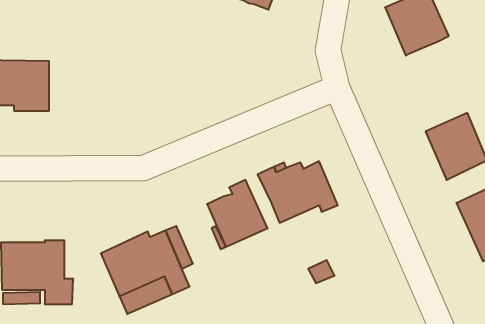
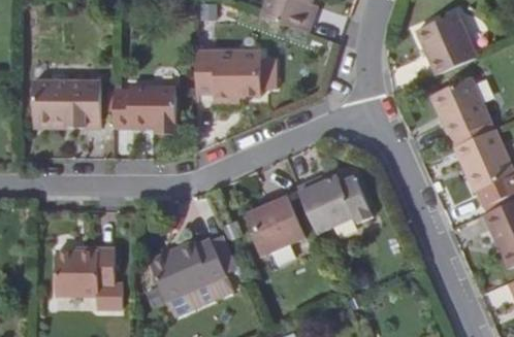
building: none -> [196,50,261,100]
building: none -> [430,77,490,140]
building: none -> [114,88,175,127]

